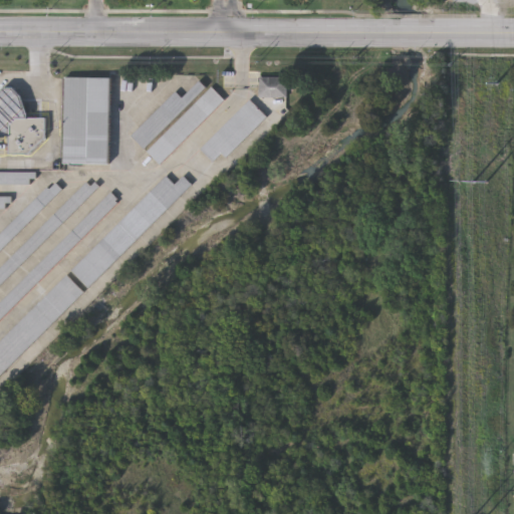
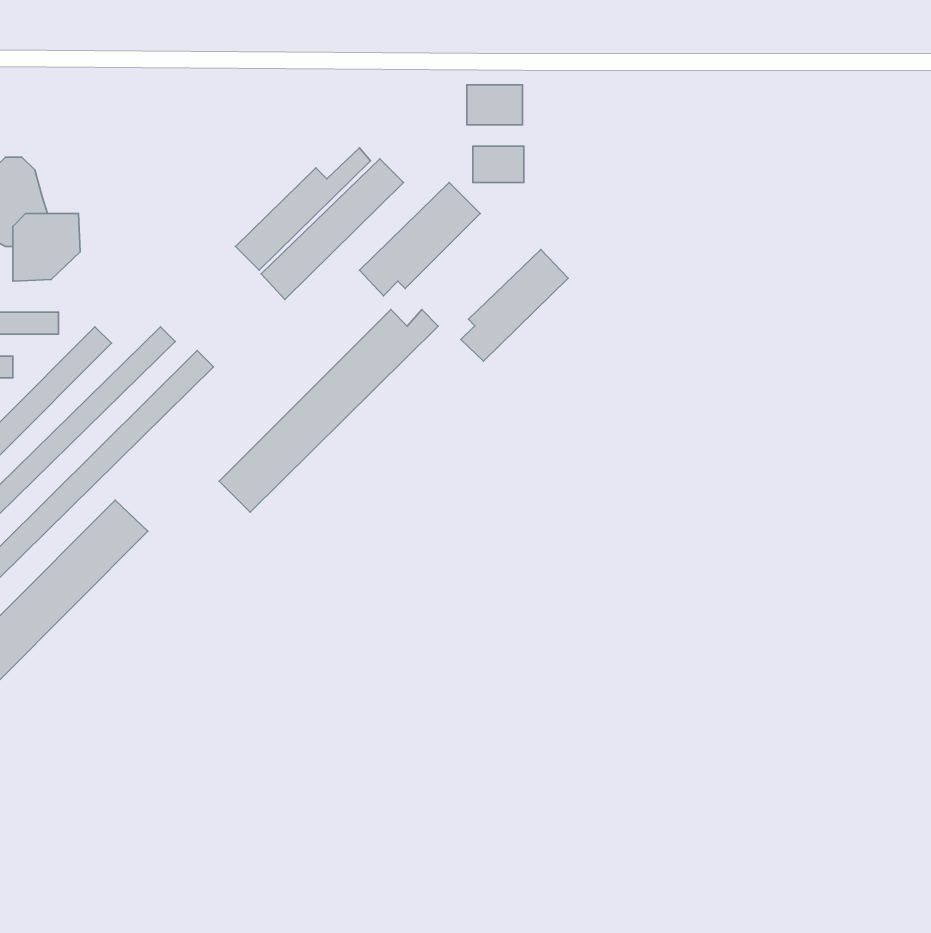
building: none -> [467,85,523,125]
building: [64,80,110,166] -> none
building: none -> [461,250,568,361]
building: [69,176,190,287] -> [219,310,438,512]

